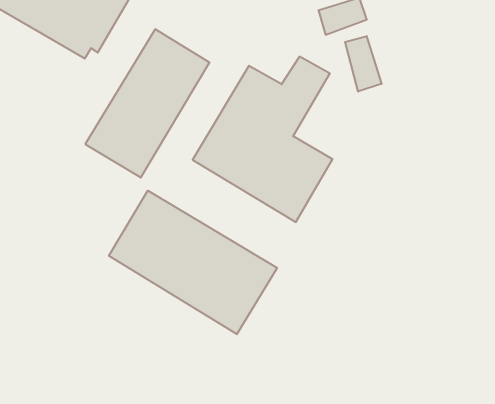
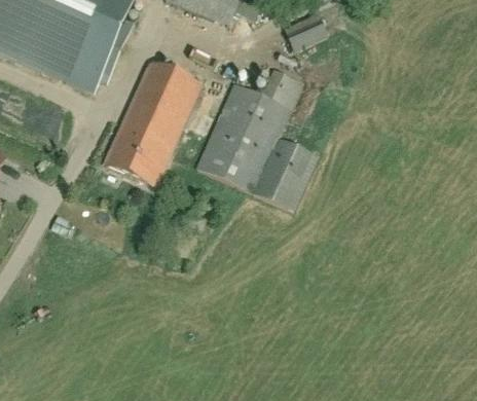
building: [345,36,382,92] -> none
building: [109,191,277,334] -> none

